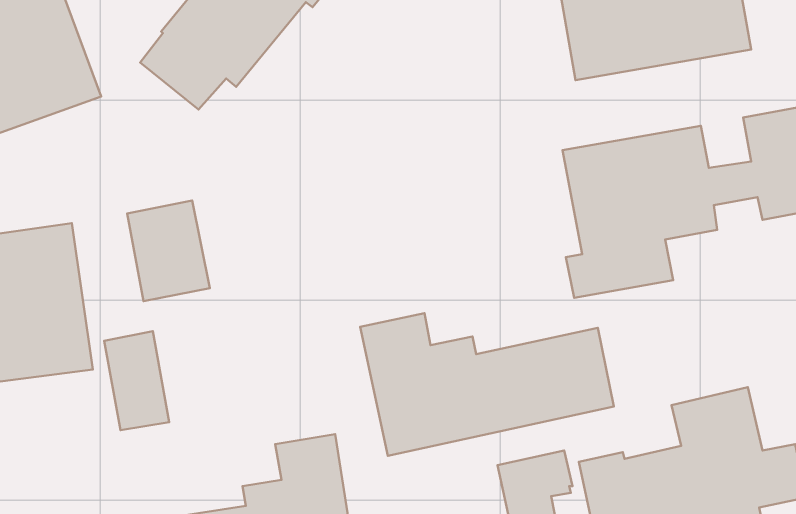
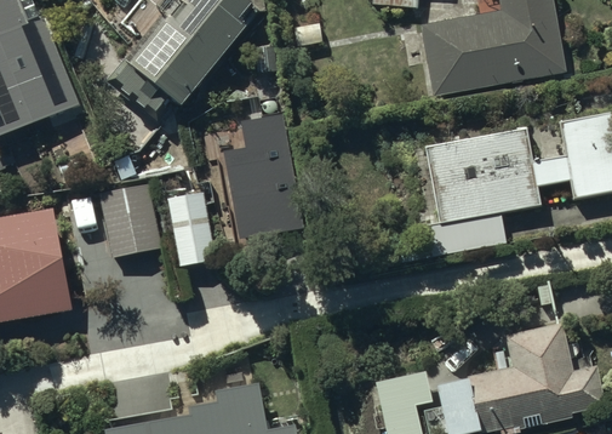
building: none -> [219,113,303,240]
building: [360,313,614,456] -> none
building: [104,331,169,430] -> [167,190,216,264]

